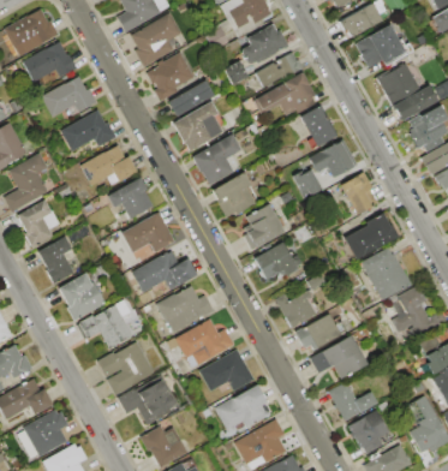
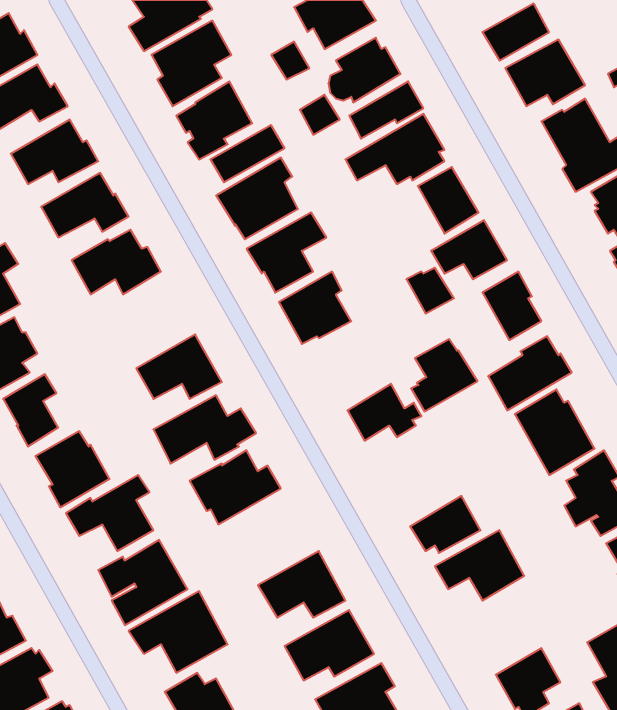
building: [108,178,153,217] -> none
building: [243,204,285,250] -> [411,339,478,411]
building: [275,290,316,328] -> none
building: [175,318,234,365] -> none
building: [328,381,378,422] -> none

